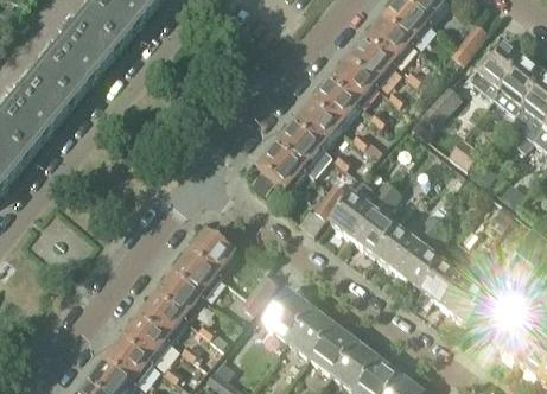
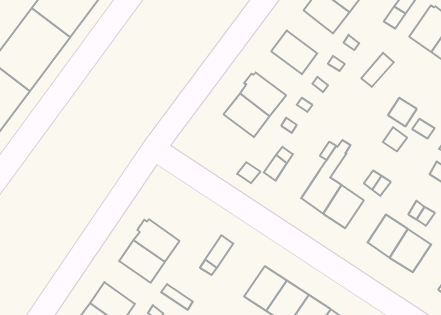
building: [348,38,396,84] -> none
building: [312,80,361,127] -> none
building: [256,144,306,190] -> none
building: [329,191,374,237] -> none
building: [190,228,238,275] -> none
building: [397,243,441,288] -> none
building: [263,290,310,338] -> none
building: [139,293,187,339] -> none

